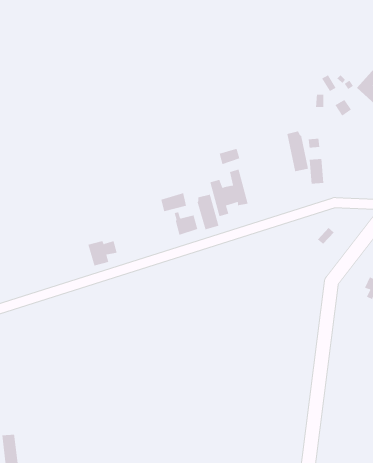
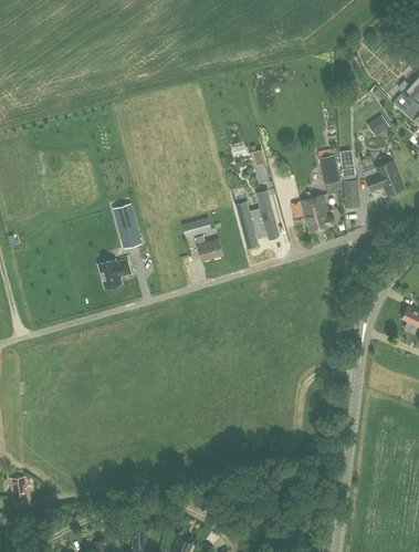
building: none -> [366,162,405,195]
building: none -> [301,195,335,231]
building: none -> [115,205,142,247]
building: [197,194,219,230] -> none

